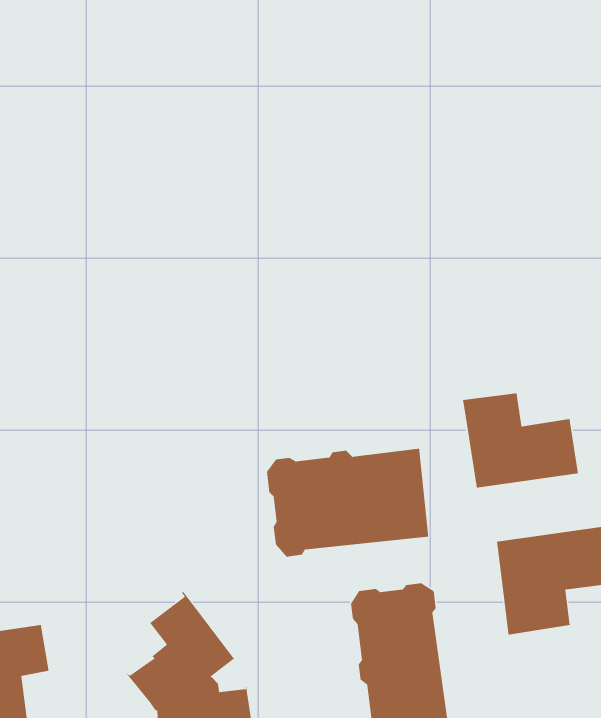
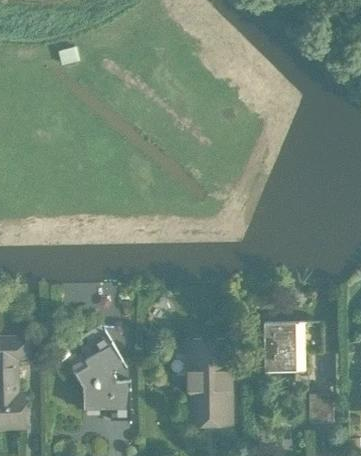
building: [462,392,579,488] -> none
building: [266,448,429,557] -> none

